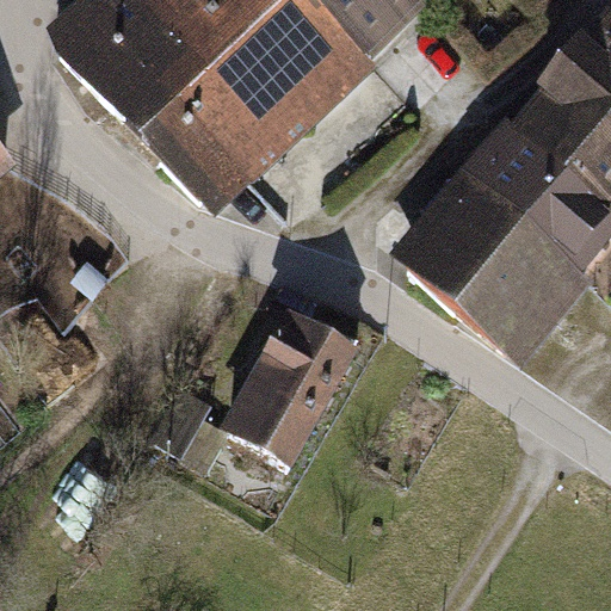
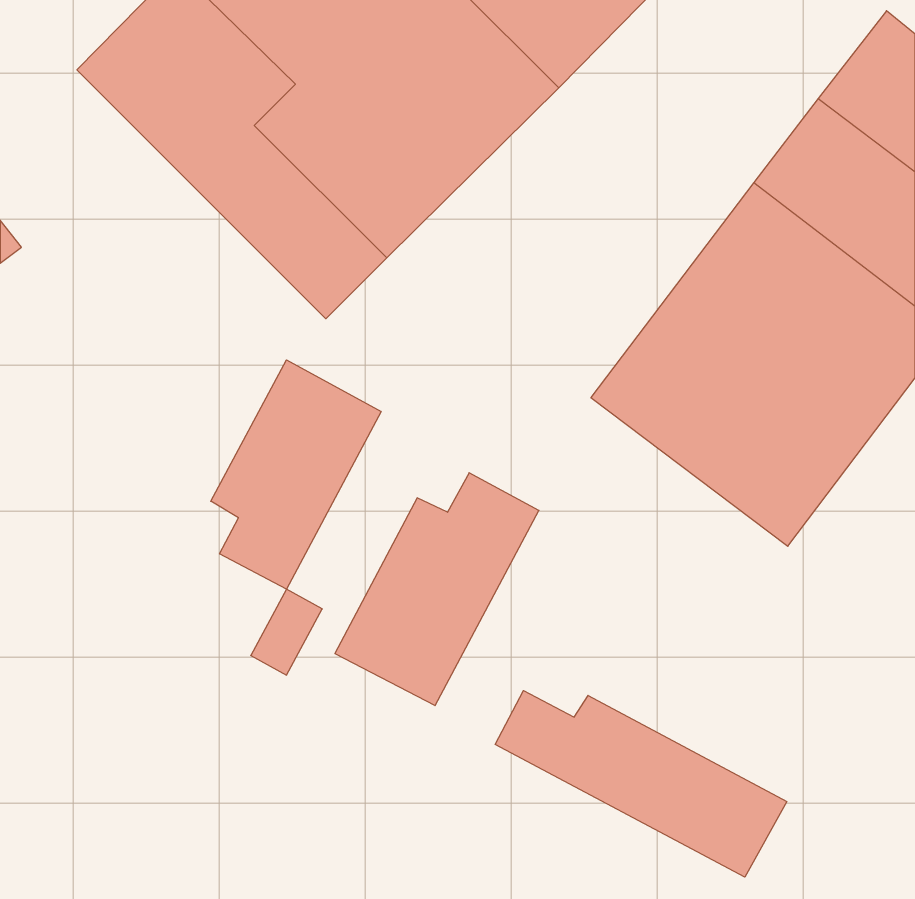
building: none -> [211,360,381,589]
building: none -> [495,691,787,877]

